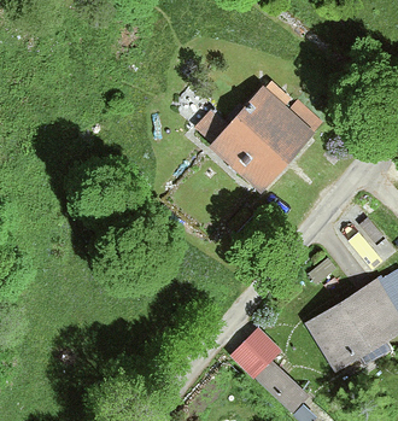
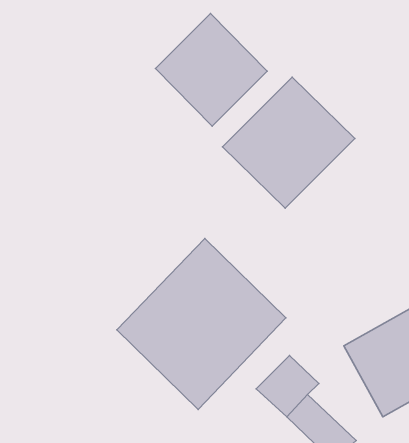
building: none -> [155,14,267,126]
building: none -> [117,238,286,409]

